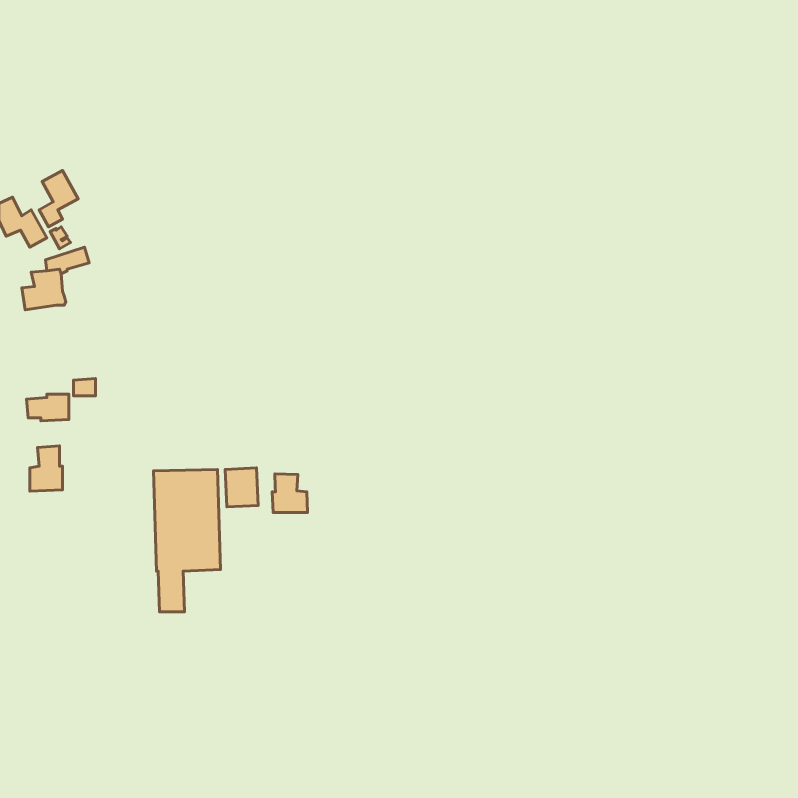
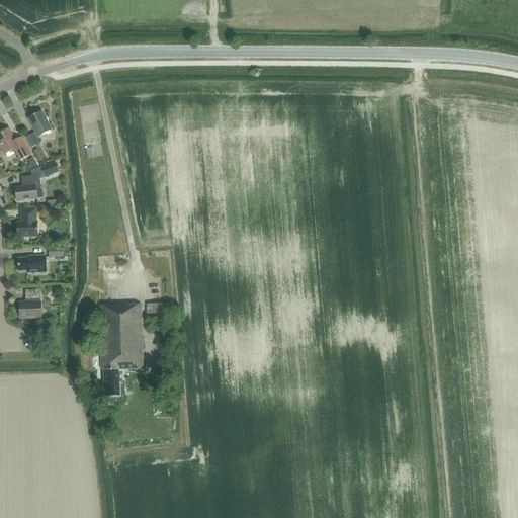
building: none -> [16,208,37,236]
building: [272,474,308,513] -> none

